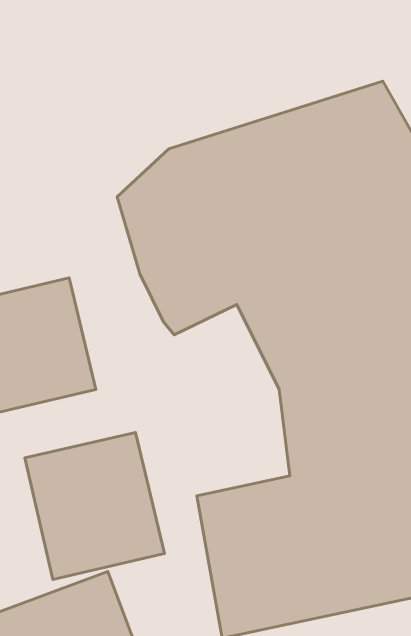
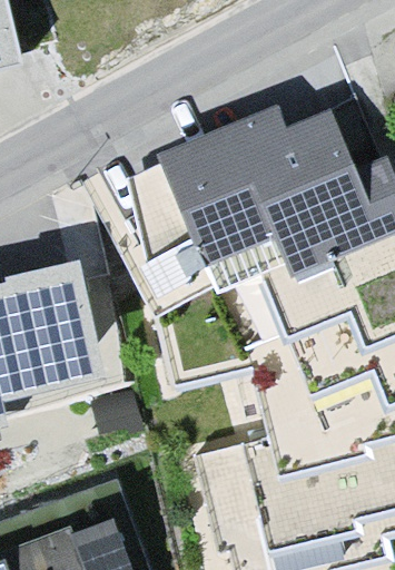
building: [25,432,165,580] -> none

